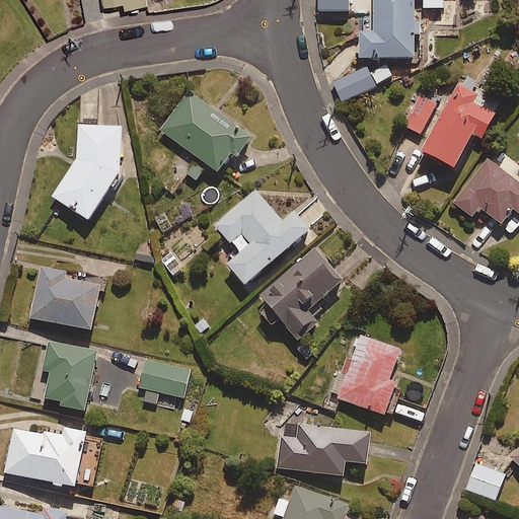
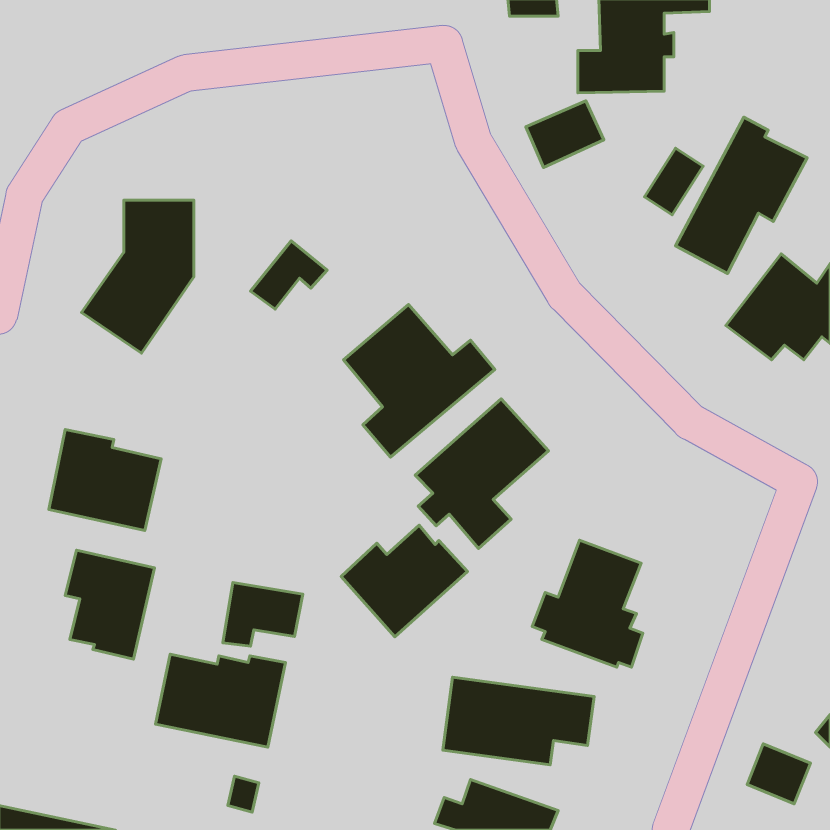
building: [160,92,249,172] -> none
building: none -> [341,525,467,637]
building: [4,429,85,487] -> [155,654,286,747]

